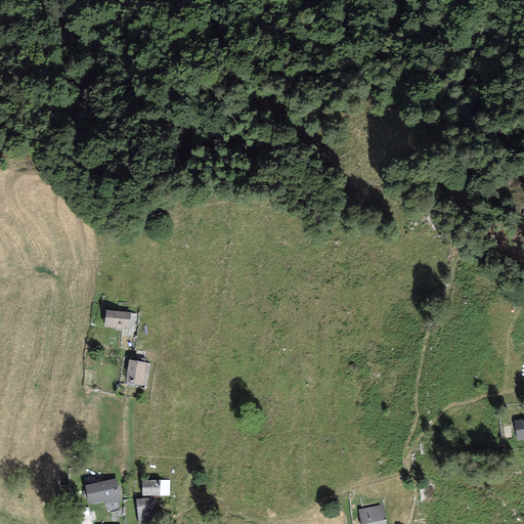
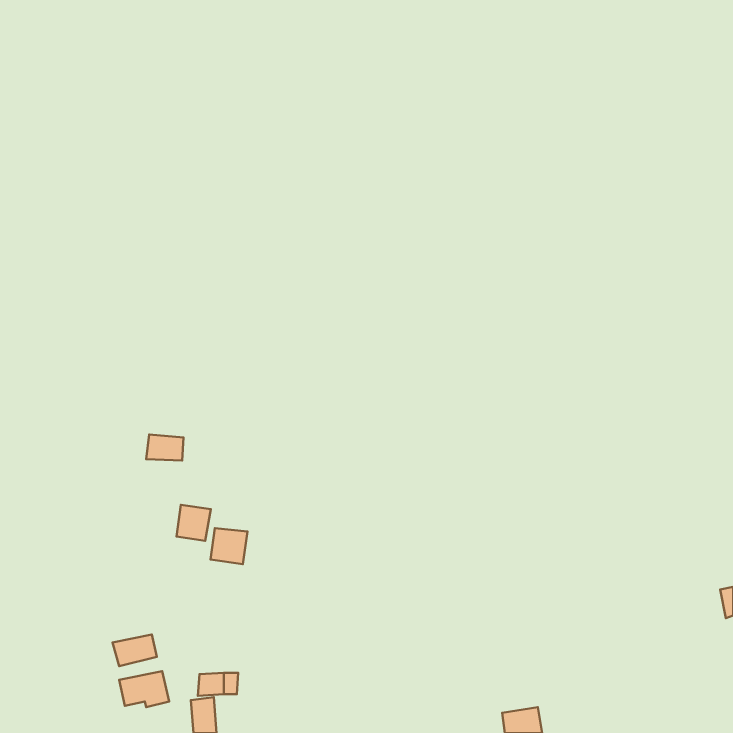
building: none -> [211,528,247,564]
building: none -> [112,634,157,666]

